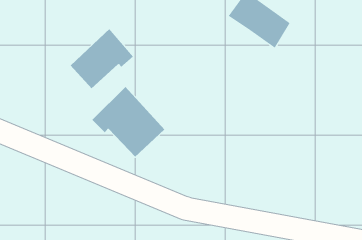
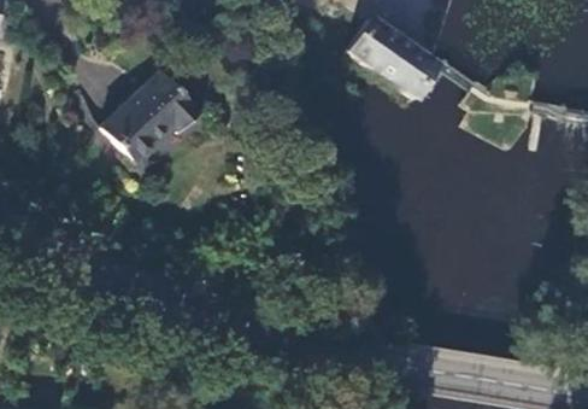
building: [92,86,165,157] -> none

